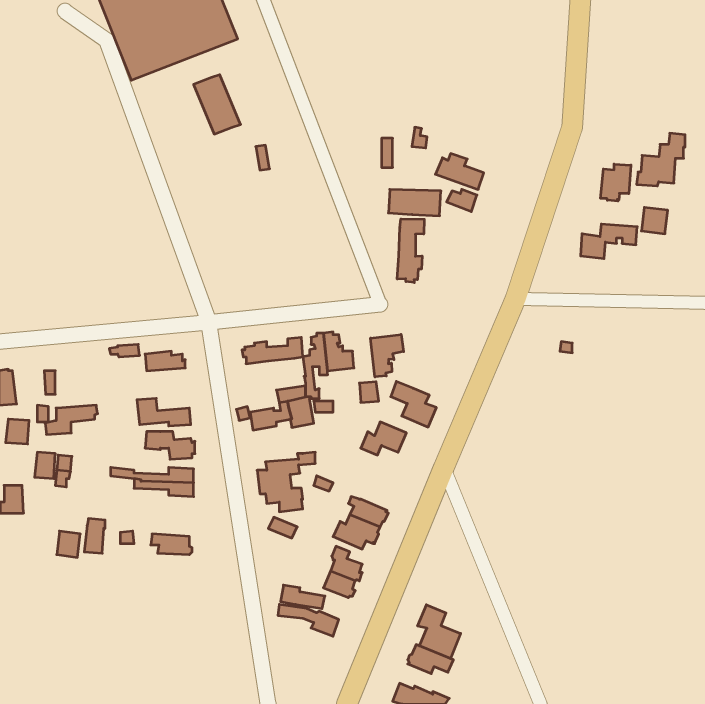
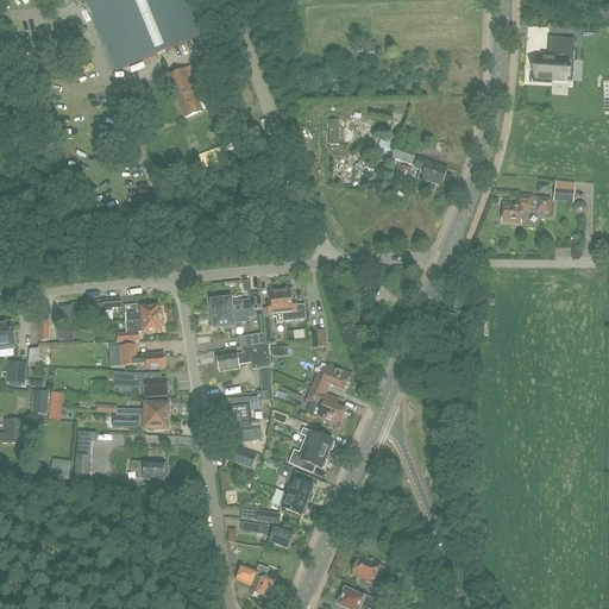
building: [637,133,685,186] -> [532,36,573,81]
building: [601,164,631,201] -> none
building: none -> [413,156,446,184]
building: [397,219,424,283] -> none
building: [371,334,404,377] -> none
building: none -> [211,308,255,328]
building: [391,381,436,427] -> [306,385,345,425]
building: [45,405,98,434] -> [115,316,161,341]
building: [418,605,461,659] -> none
building: none -> [234,564,275,596]

